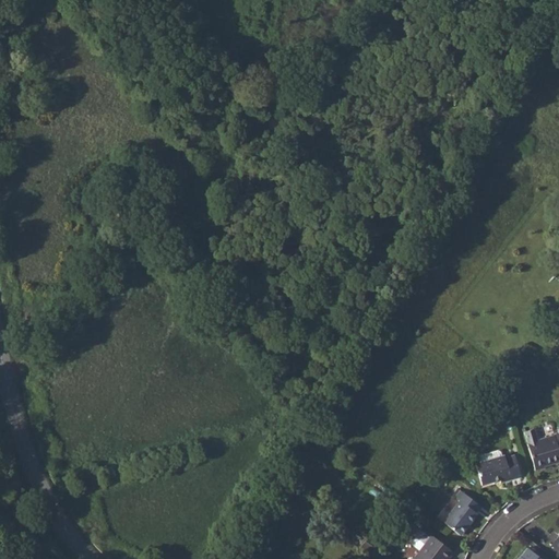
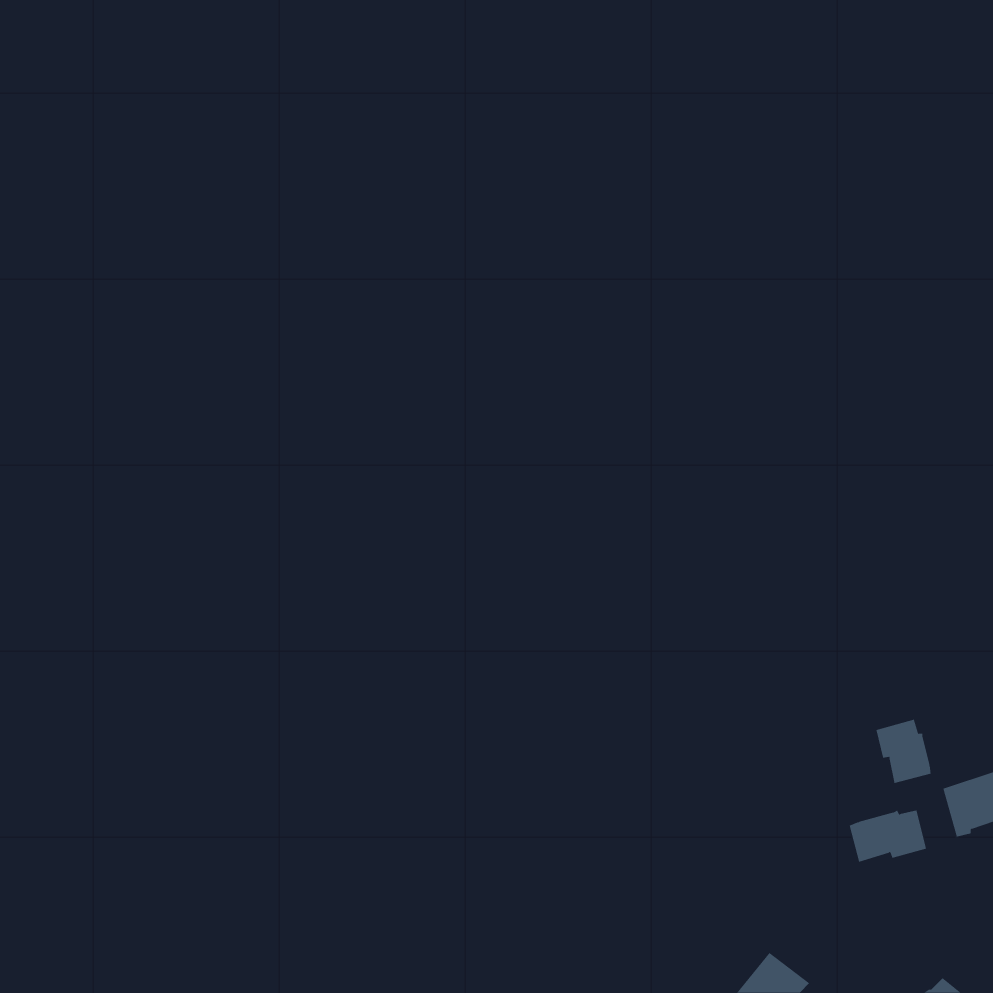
building: none -> [876,719,931,784]
building: [444,487,481,535] -> none

